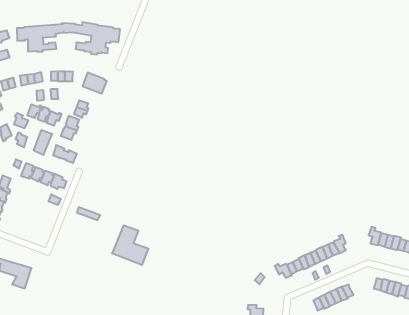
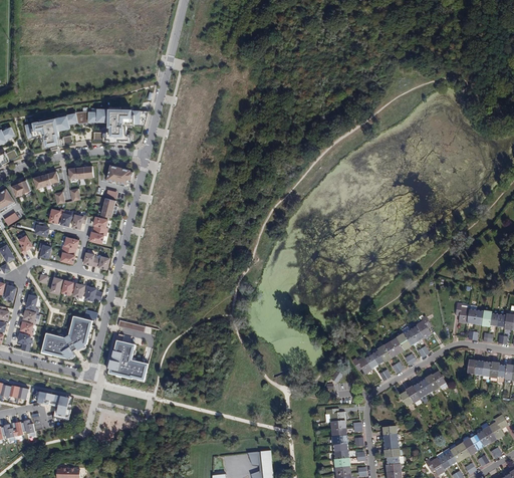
building: none -> [39,314,90,358]
building: [112,226,149,265] -> [106,339,148,382]

